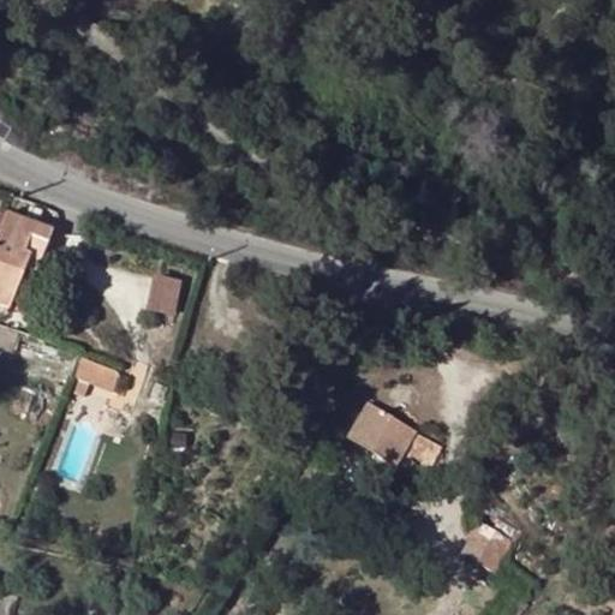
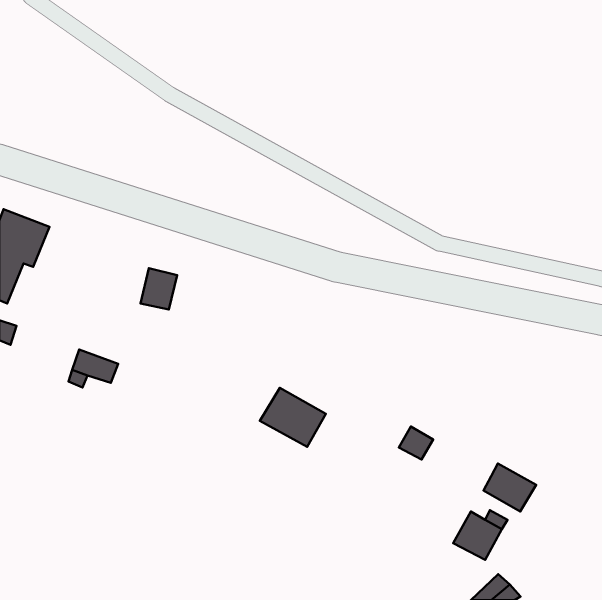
building: [347,402,414,462] -> [260,388,326,447]
building: none -> [484,464,536,511]

